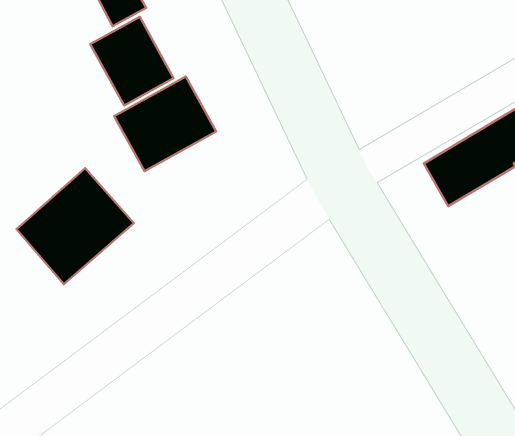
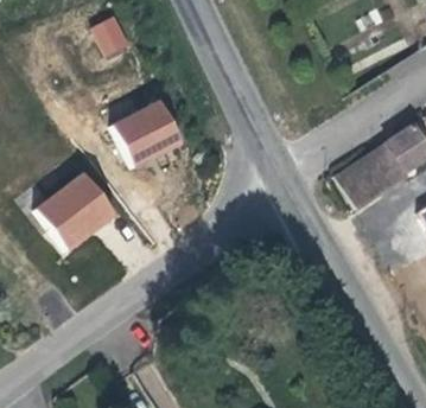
building: [90,17,174,106] -> none

